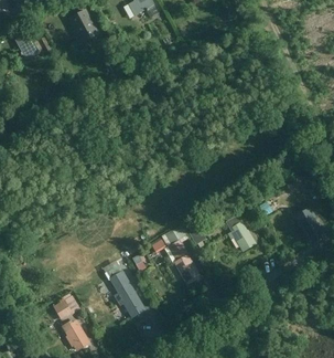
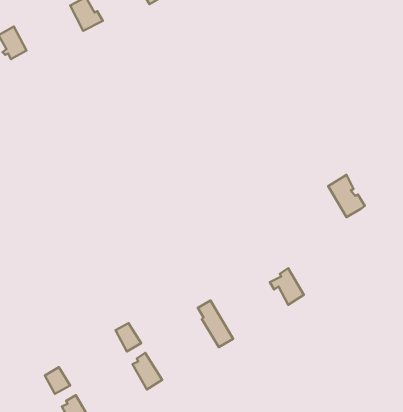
building: [295,207,324,240] -> [328,175,365,217]

